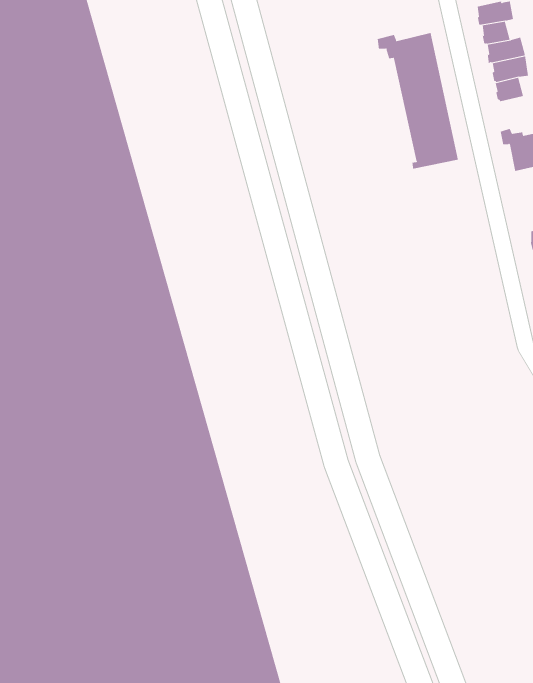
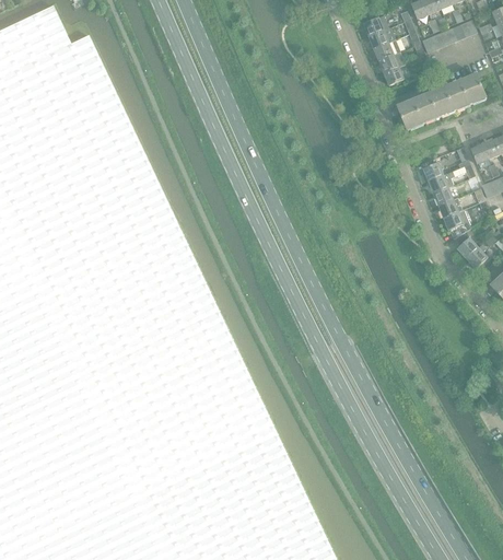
building: [377,32,459,169] -> none

